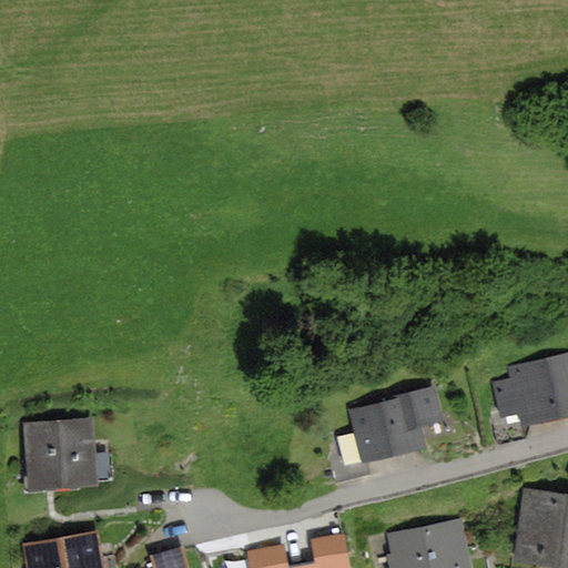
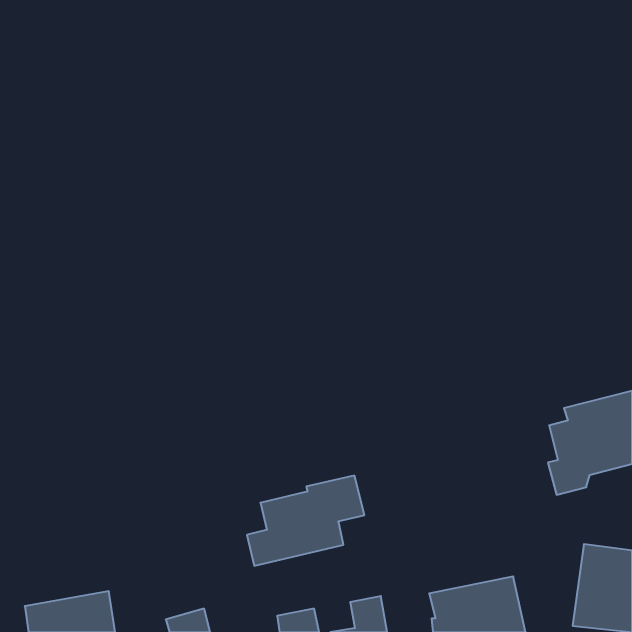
building: [338,385,444,466] -> [247,476,364,566]
building: [22,415,110,491] -> none

